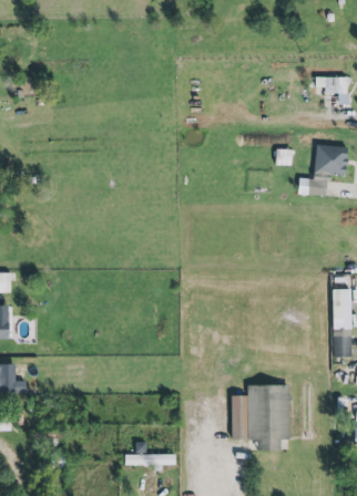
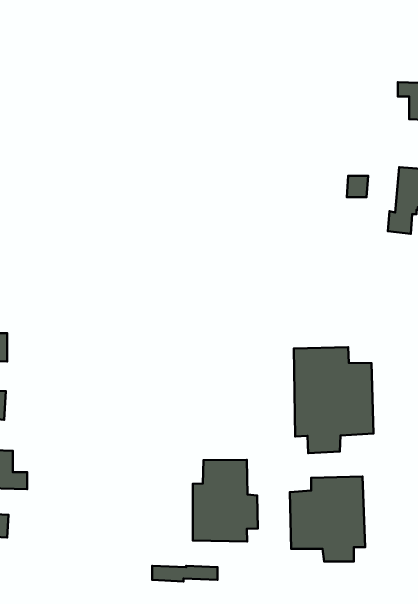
building: none -> [294,347,374,453]
building: none -> [193,460,258,541]

